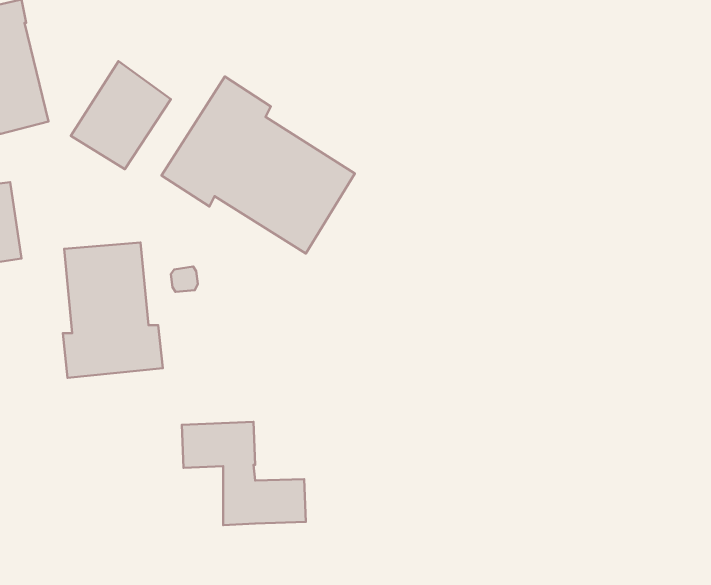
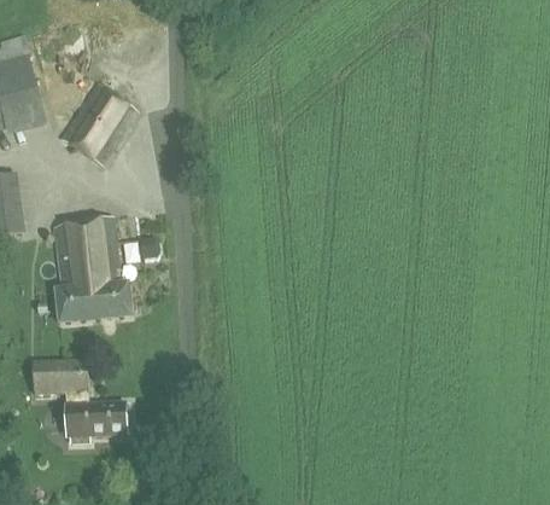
building: [162,76,355,254] -> none
building: [182,422,306,525] -> [33,358,127,436]

